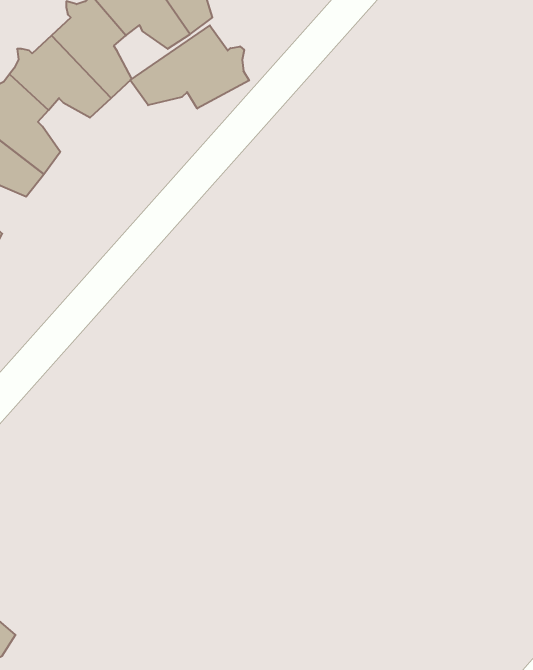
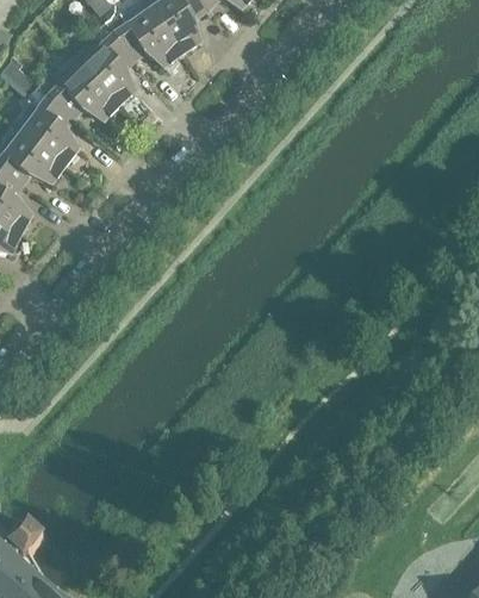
building: [130,25,249,109] -> none

